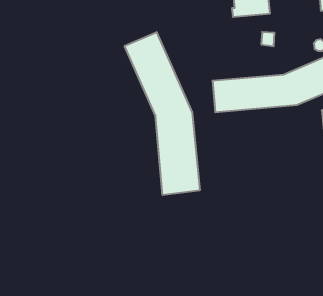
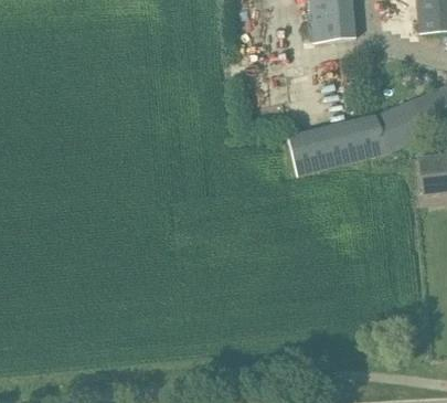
building: [125,32,200,195] -> none

